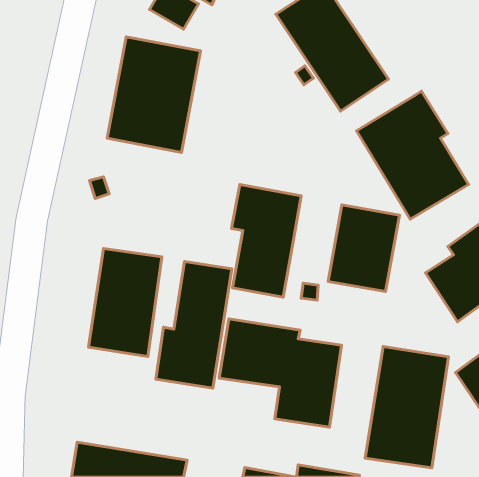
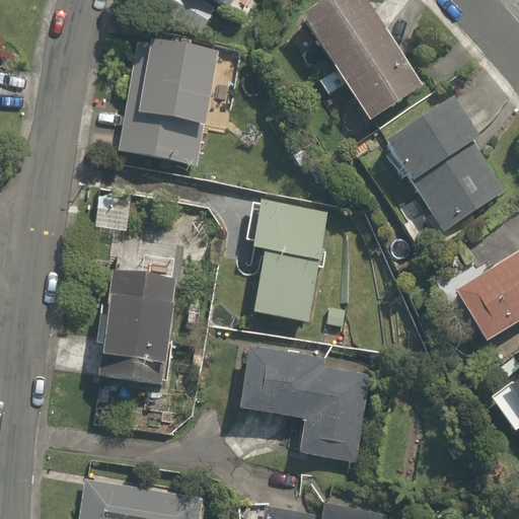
building: [328,205,399,292] -> none
building: [156,262,232,388] -> none
building: [365,346,448,468] -> none

